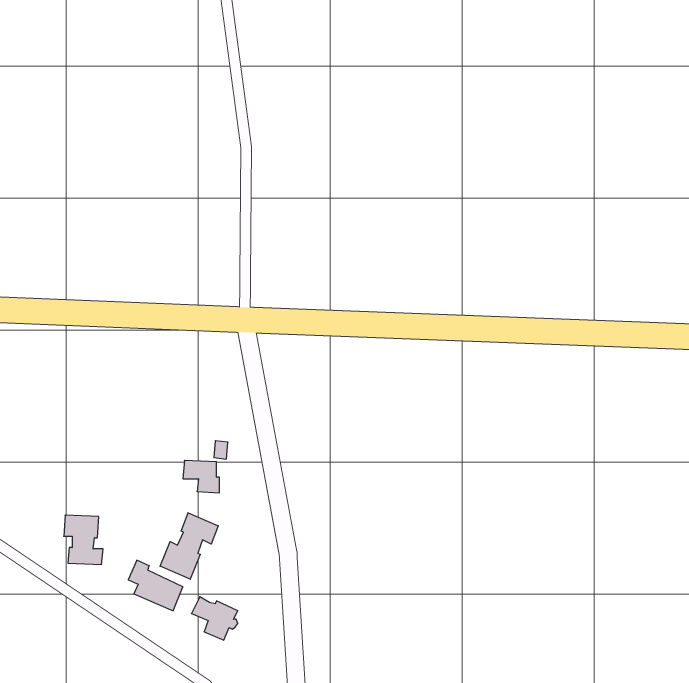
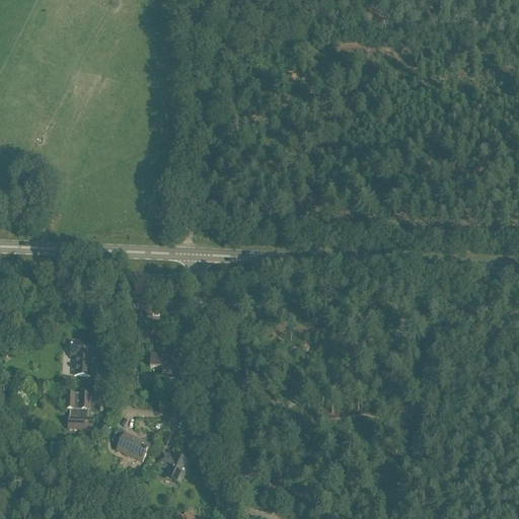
building: none -> [69,338,95,373]
building: [160,513,218,579] -> none

